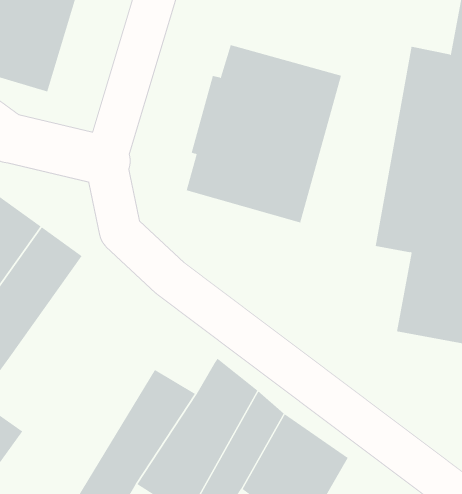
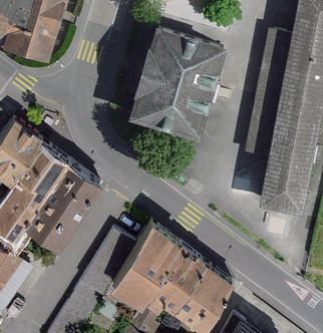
building: none -> [23,160,102,248]

